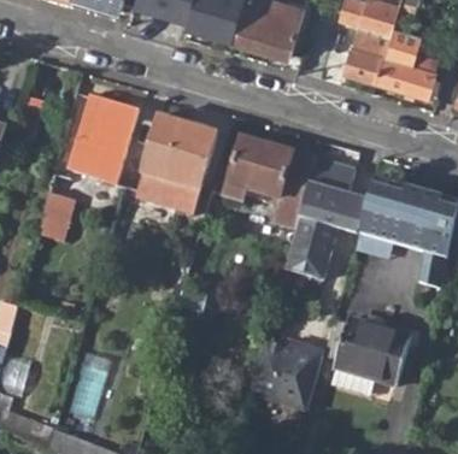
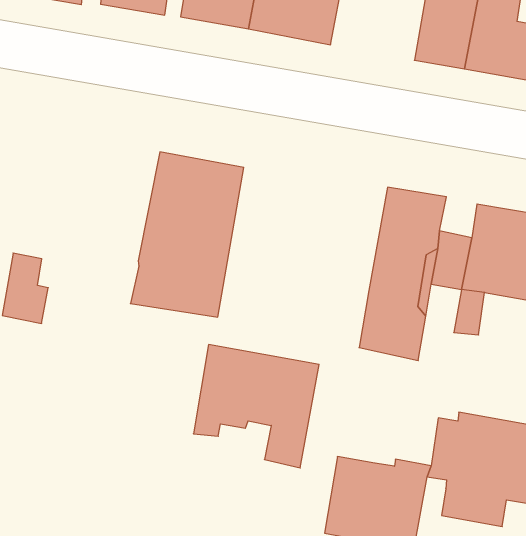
building: [69,95,136,184] -> none
building: [223,136,315,228] -> [193,345,319,468]

